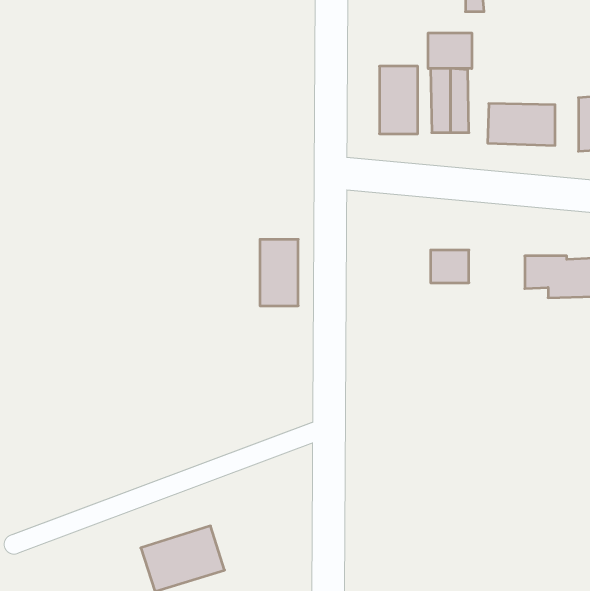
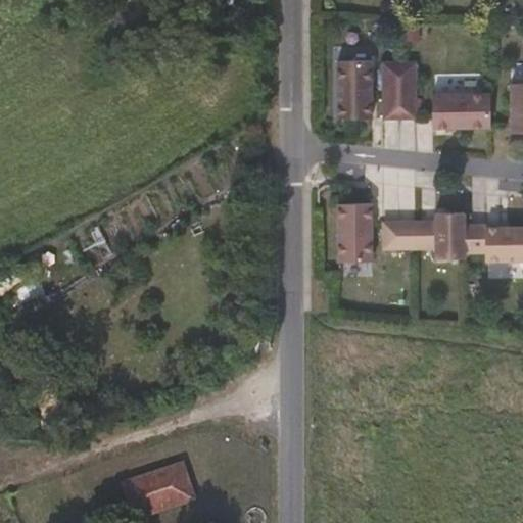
building: [428,33,472,69] -> none
building: [260,239,298,306] -> [337,201,371,259]
building: none -> [416,212,465,258]

